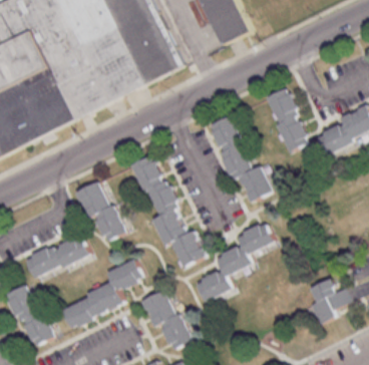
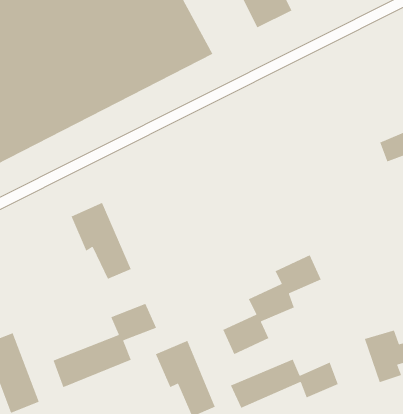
building: [266,87,308,151] -> none
building: [208,115,271,202] -> none
building: [132,154,204,267] -> none
building: [25,234,88,278] -> none
building: none -> [230,358,339,409]

